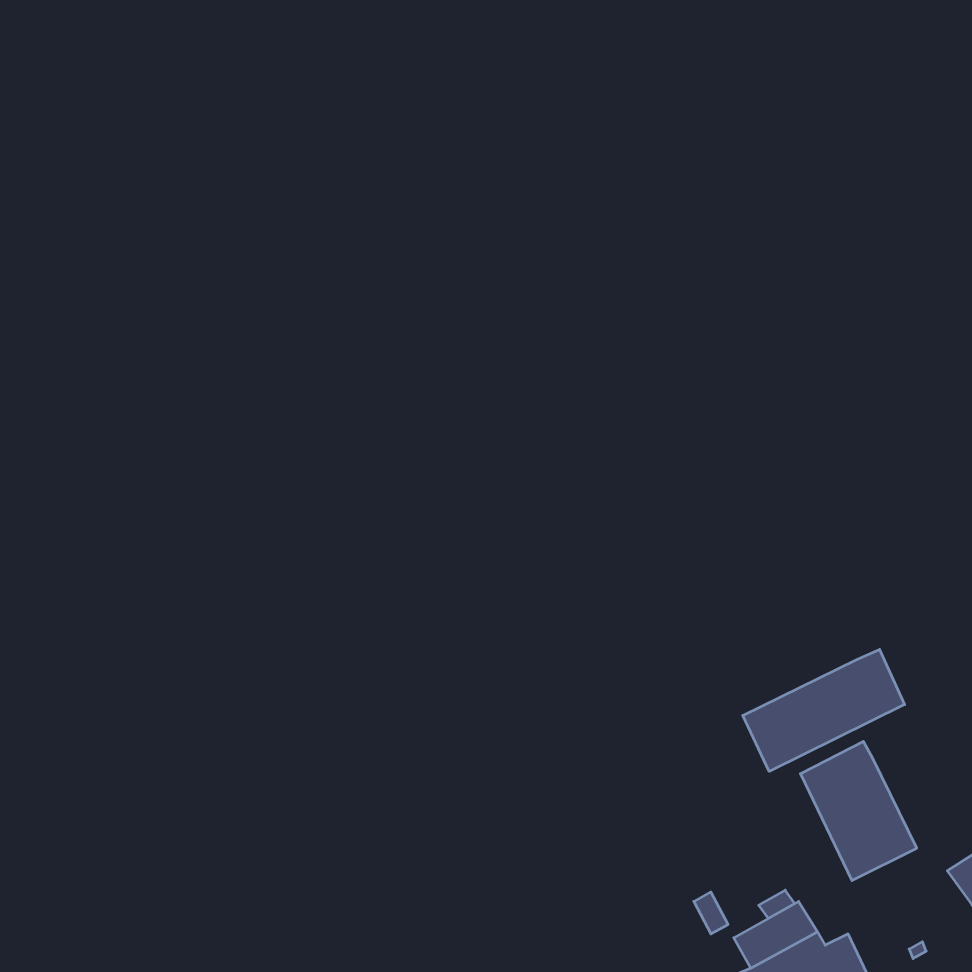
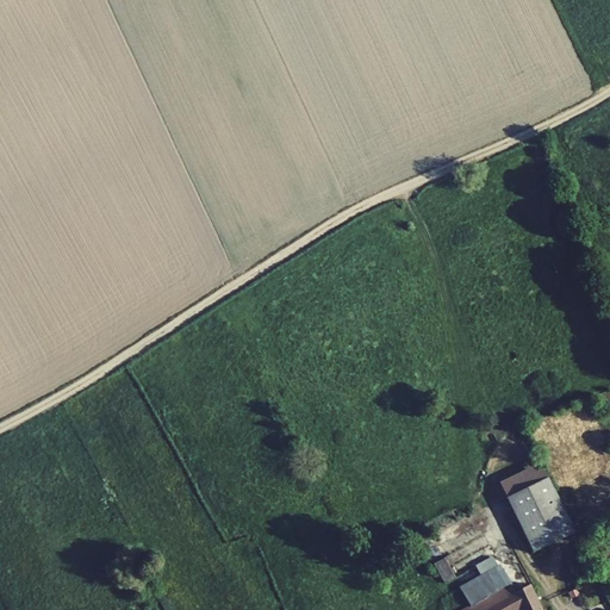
building: [743,649,905,771] -> none

